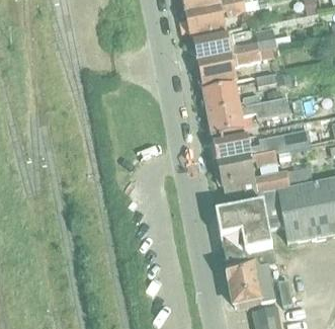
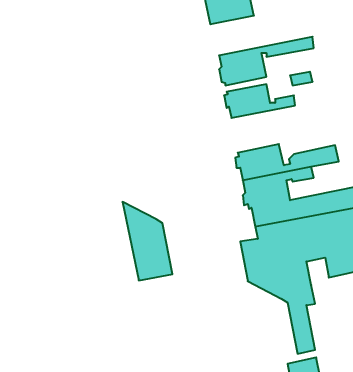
building: [192,31,277,61] -> none
building: [207,96,289,134] -> none
building: [222,244,262,308] -> [122,202,172,280]

